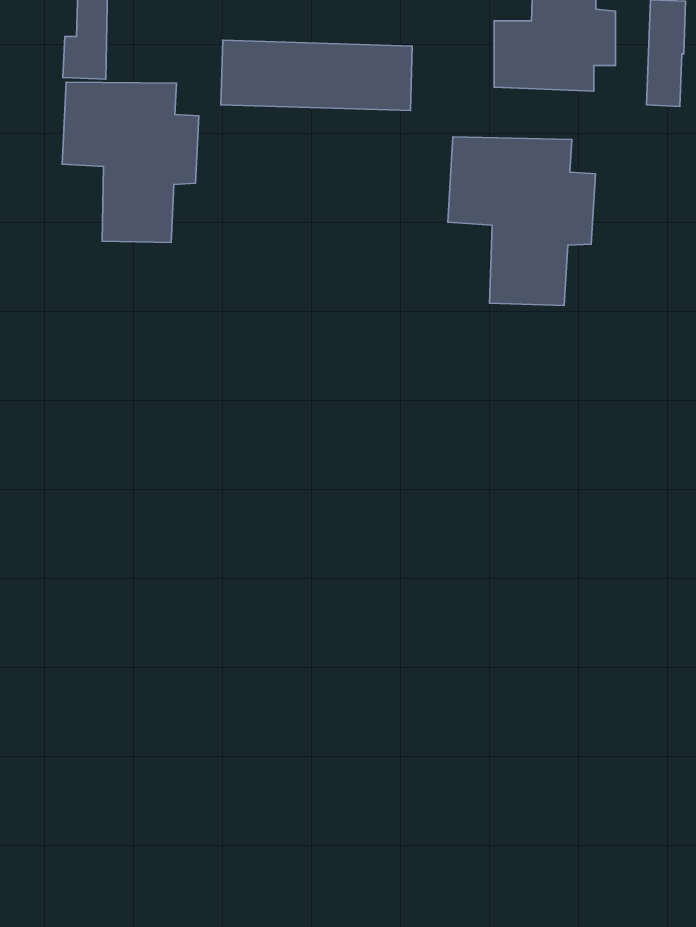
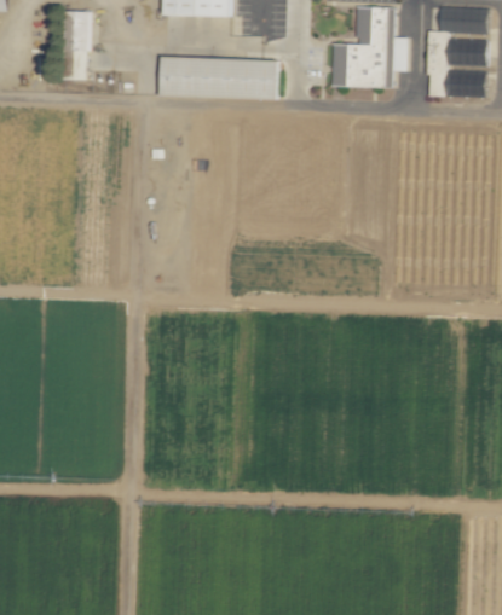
building: [62,82,199,242] -> none
building: [448,137,596,306] -> none

